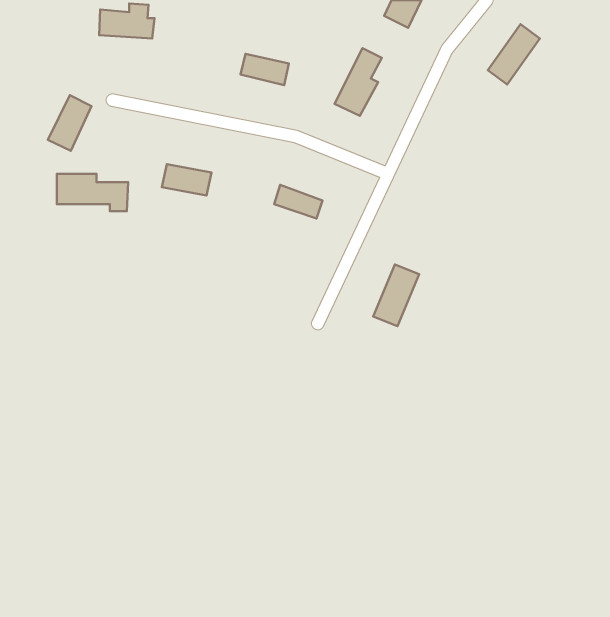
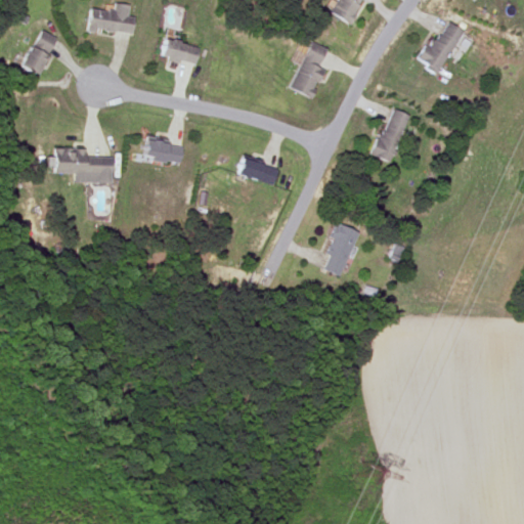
building: [241,54,289,85] -> [161,38,202,64]
building: [48,95,91,151] -> [21,29,58,76]
building: none -> [373,107,412,163]

